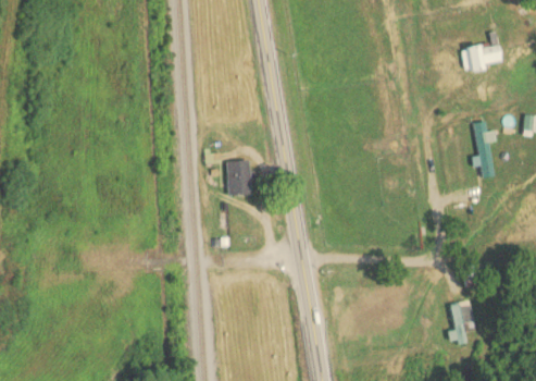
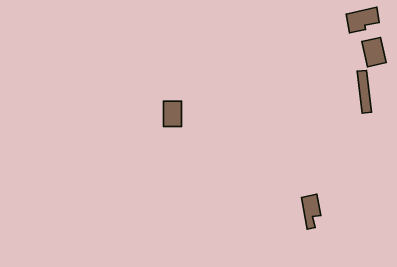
building: none -> [362,37,386,67]
building: [449,299,474,344] -> [301,194,321,229]

